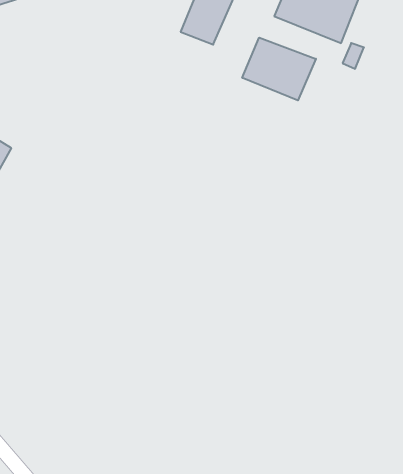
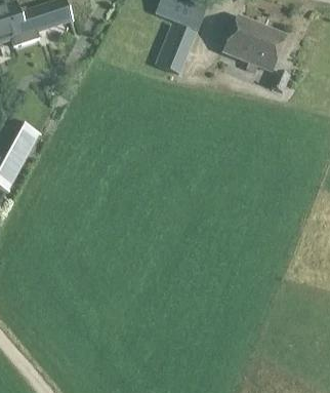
building: [242,38,316,100] -> none

